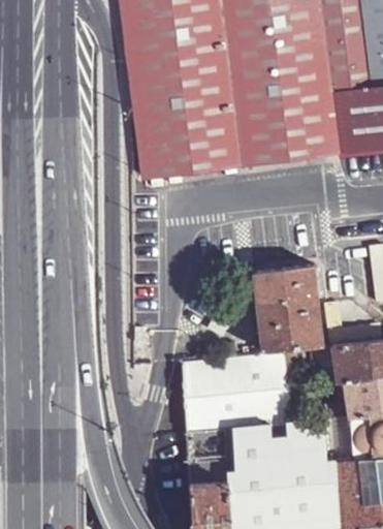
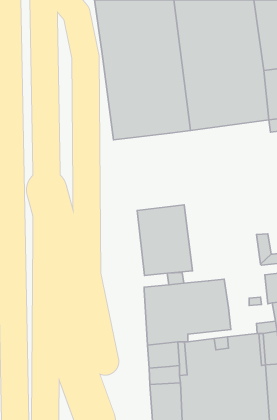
building: [254,264,323,353] -> [137,205,193,276]

